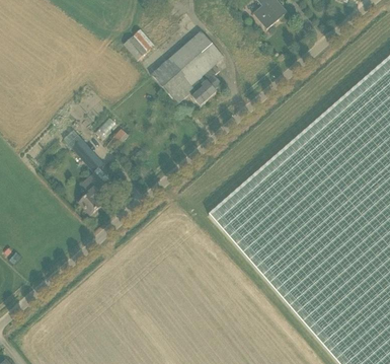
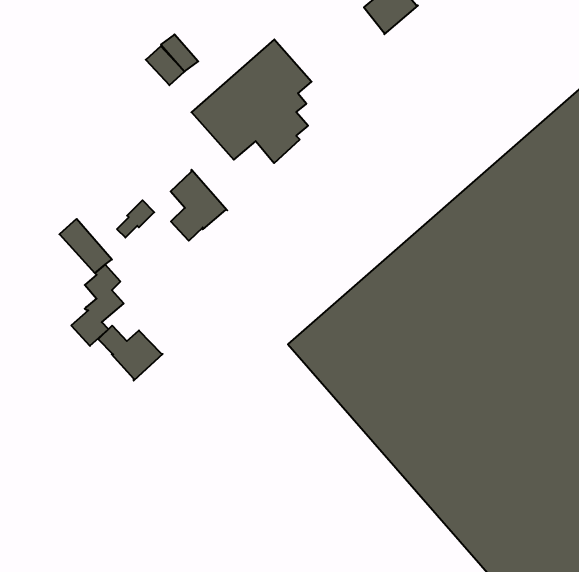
building: none -> [171,170,227,241]
building: none -> [98,326,163,381]

